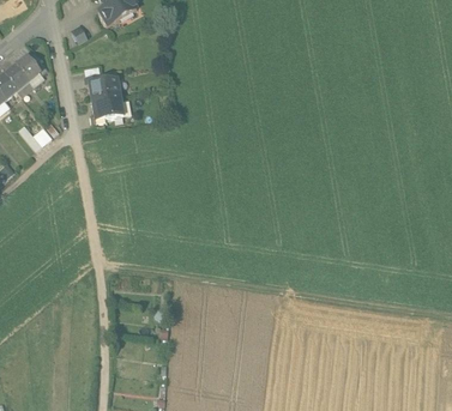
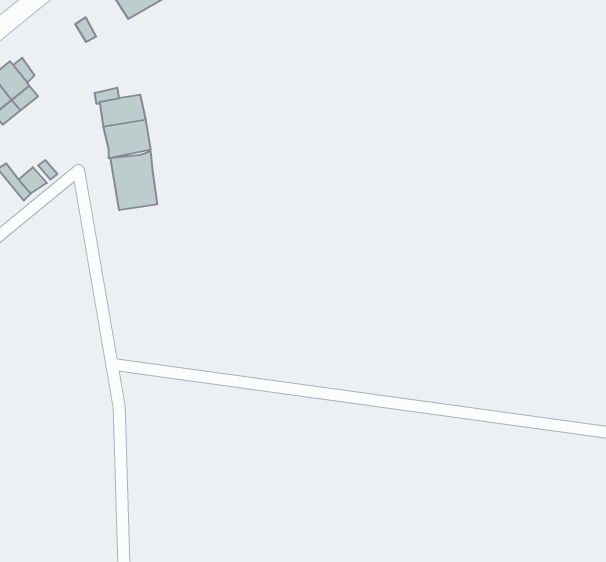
building: none -> [111,151,157,210]

